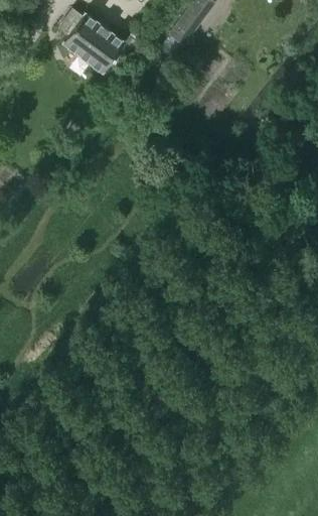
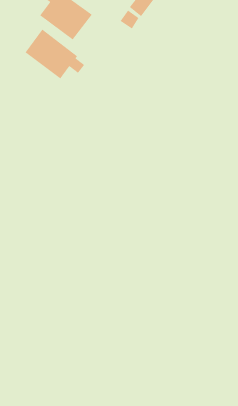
building: none -> [25,28,85,79]

